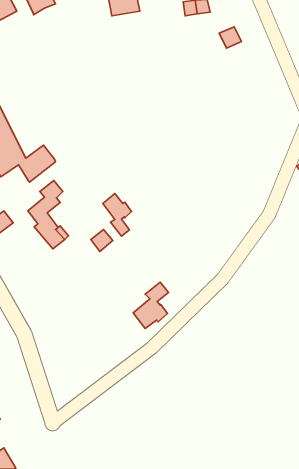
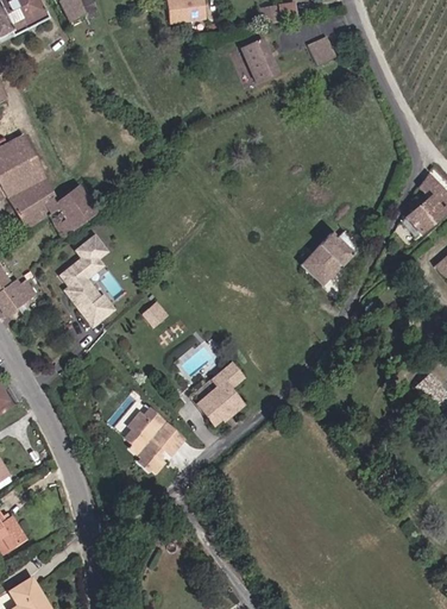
building: none -> [240,36,277,81]
building: none -> [301,228,358,282]
building: [103,194,131,236] -> none
building: none -> [126,407,187,470]

